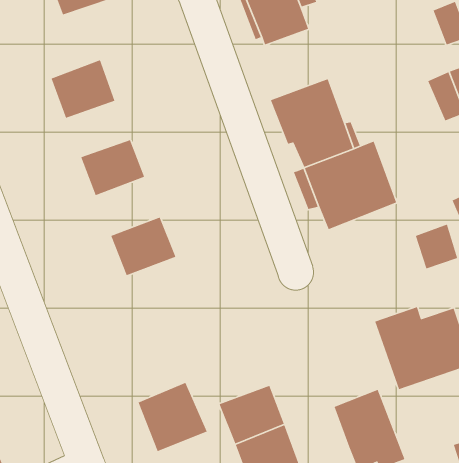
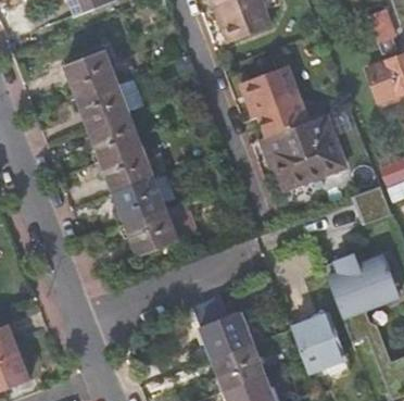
building: none -> [76,85,128,129]
building: none -> [100,146,152,192]
building: none -> [125,210,177,258]
building: [138,382,208,452] -> none

